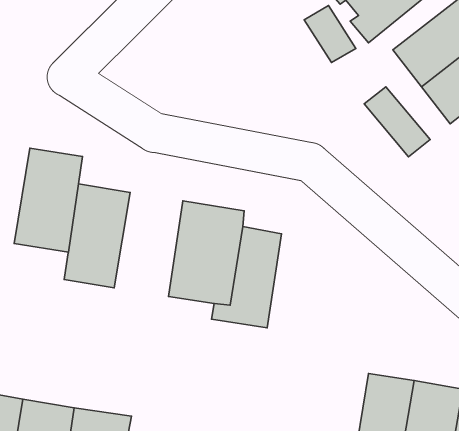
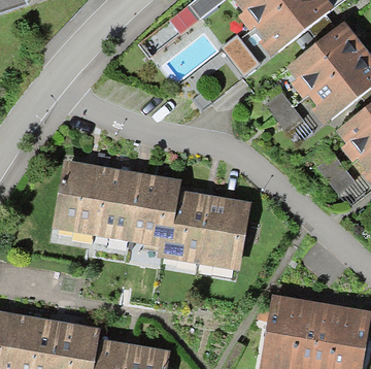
building: [14,148,83,252] -> [88,166,137,241]
building: none -> [198,196,251,271]

